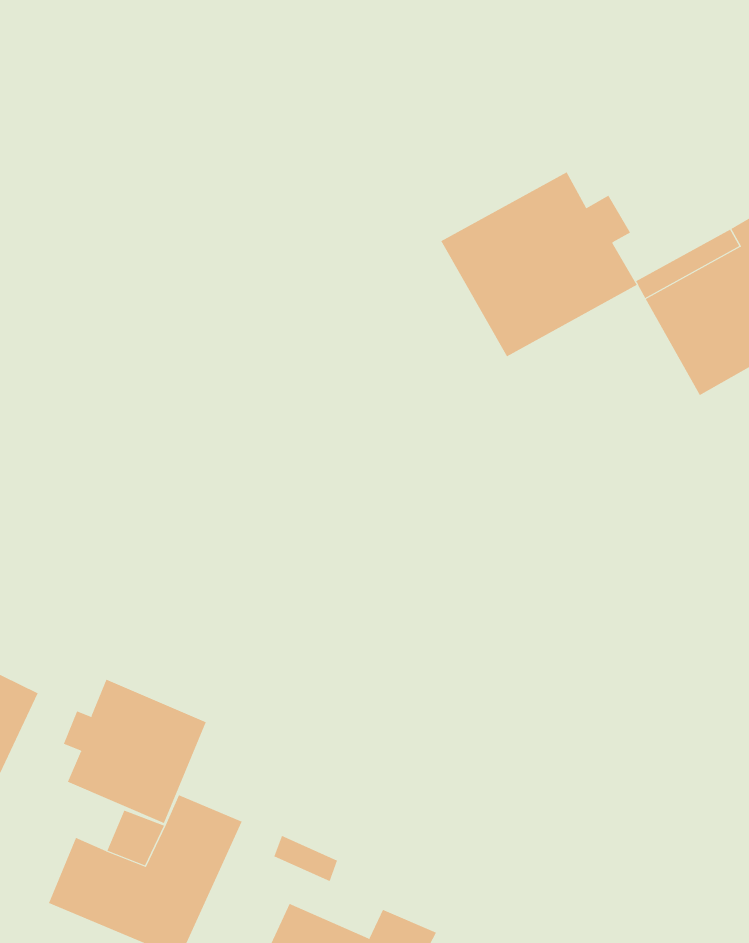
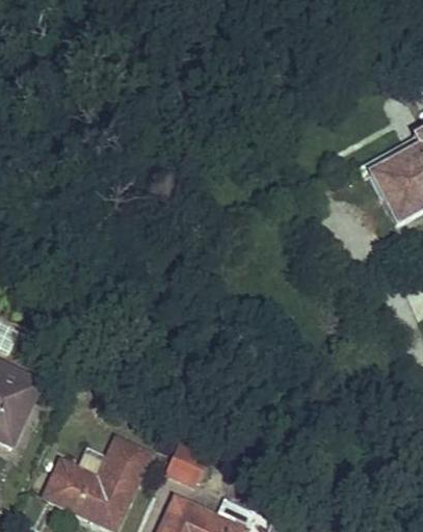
building: [441,171,637,357] -> none
building: [63,679,206,824] -> none

